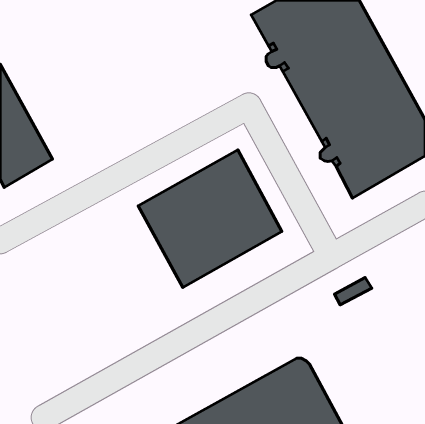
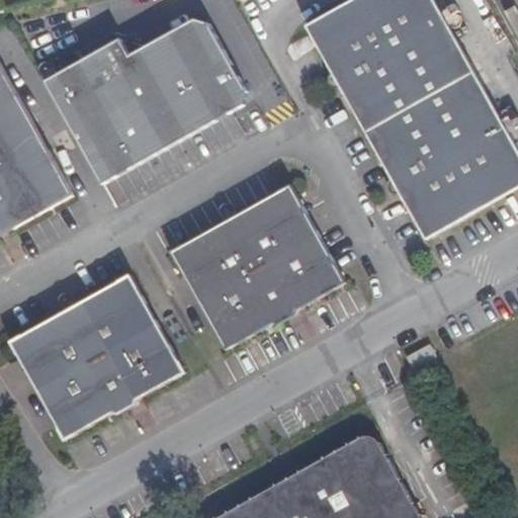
building: none -> [42,15,247,180]
building: none -> [7,274,182,441]

